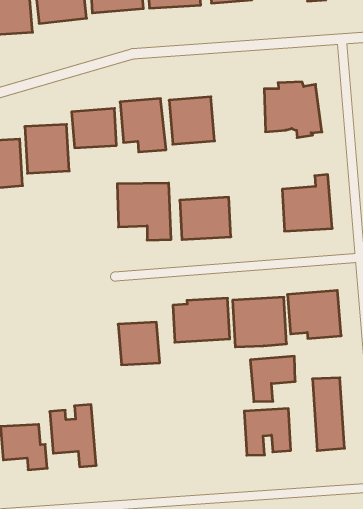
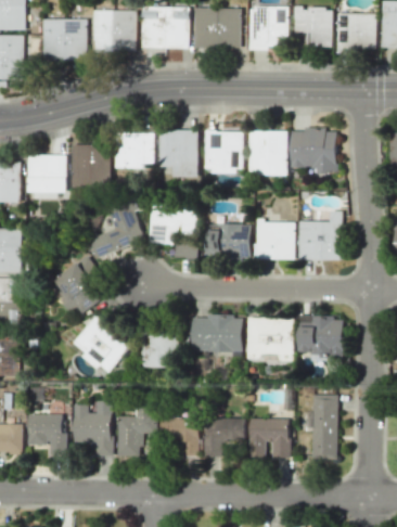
building: none -> [249,130,289,175]
building: none -> [91,204,145,257]
building: none -> [255,222,295,260]
building: none -> [51,257,104,318]
building: none -> [71,314,132,373]
building: [250,356,295,402] -> [205,419,245,458]
building: none -> [117,410,157,457]
building: none -> [163,419,200,455]

